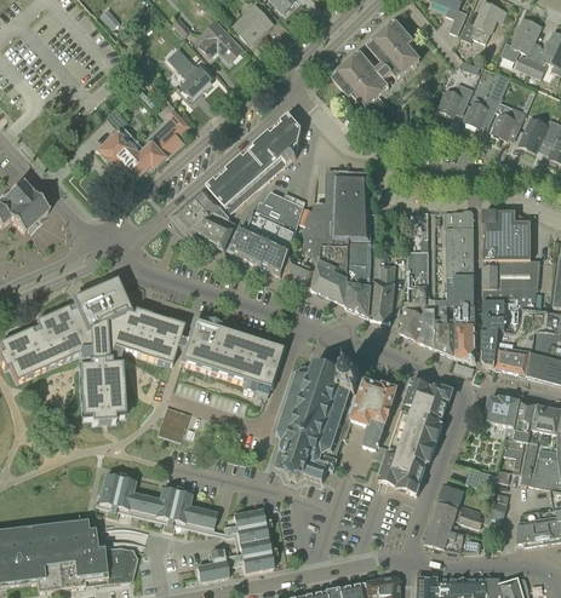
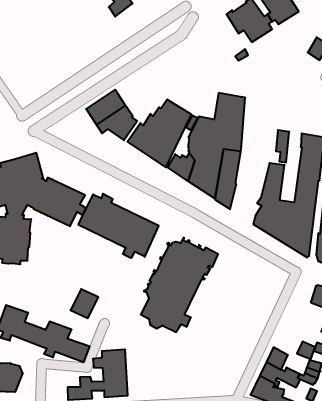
building: [101,109,188,182] -> none
building: [206,114,300,213] -> none
building: [370,254,394,323] -> none
building: [350,379,397,449] -> none
building: [378,380,452,495] -> none
building: [156,406,189,441] -> [70,289,98,318]

